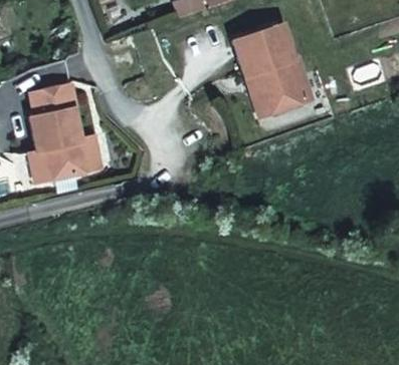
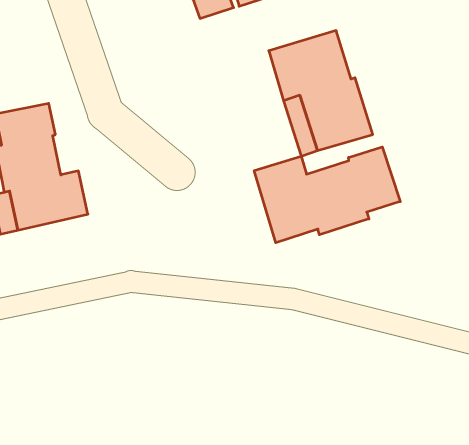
building: none -> [254,147,400,243]

